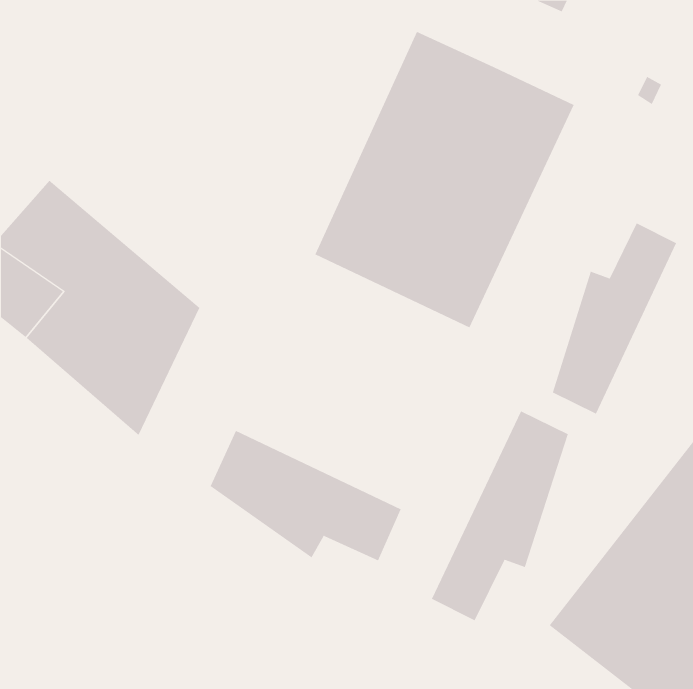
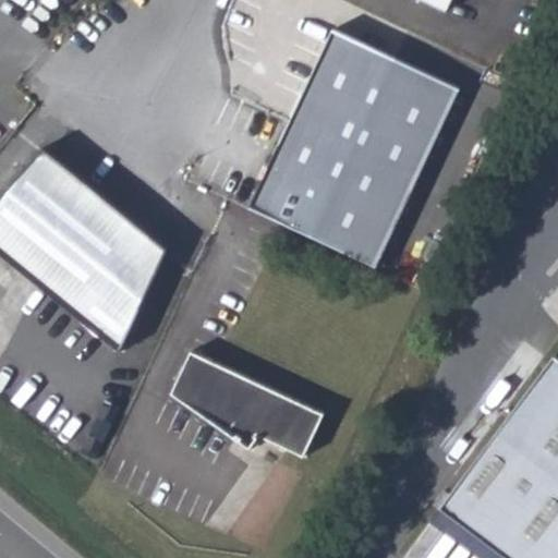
building: [552,222,677,414] -> none
building: [431,410,569,621] -> none

